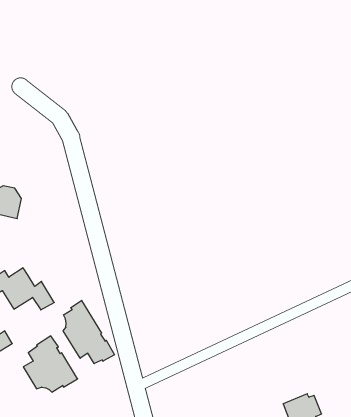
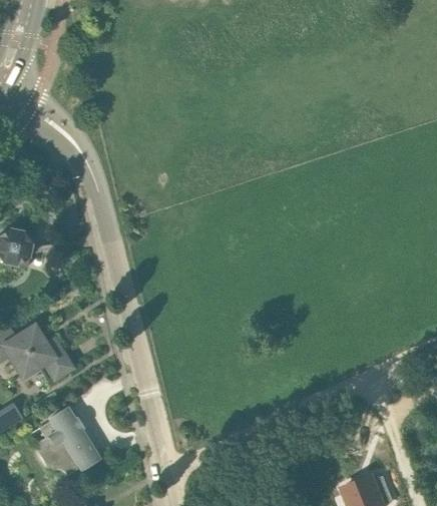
building: [63,300,114,364] -> none

